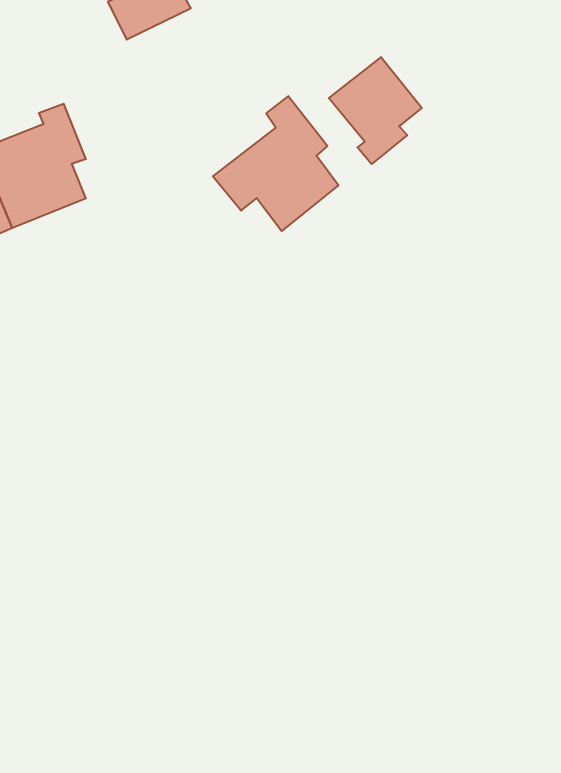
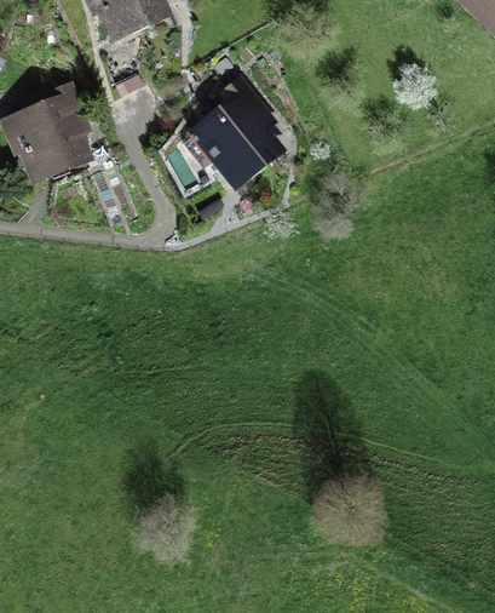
building: [329,57,422,164] -> none

